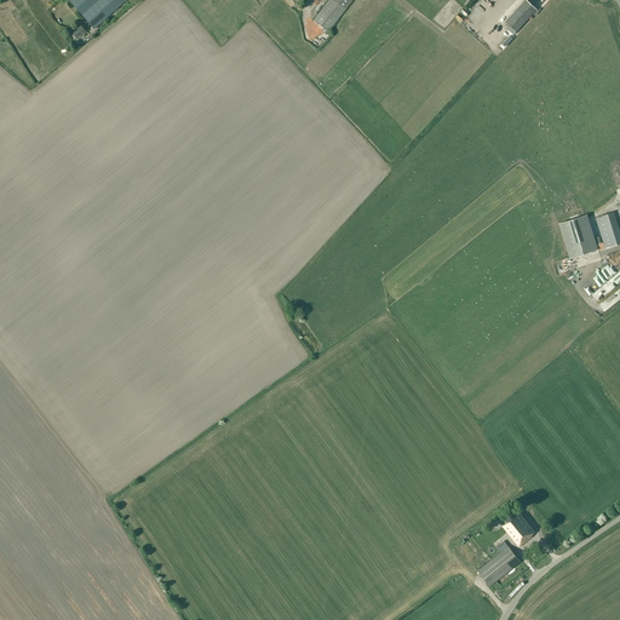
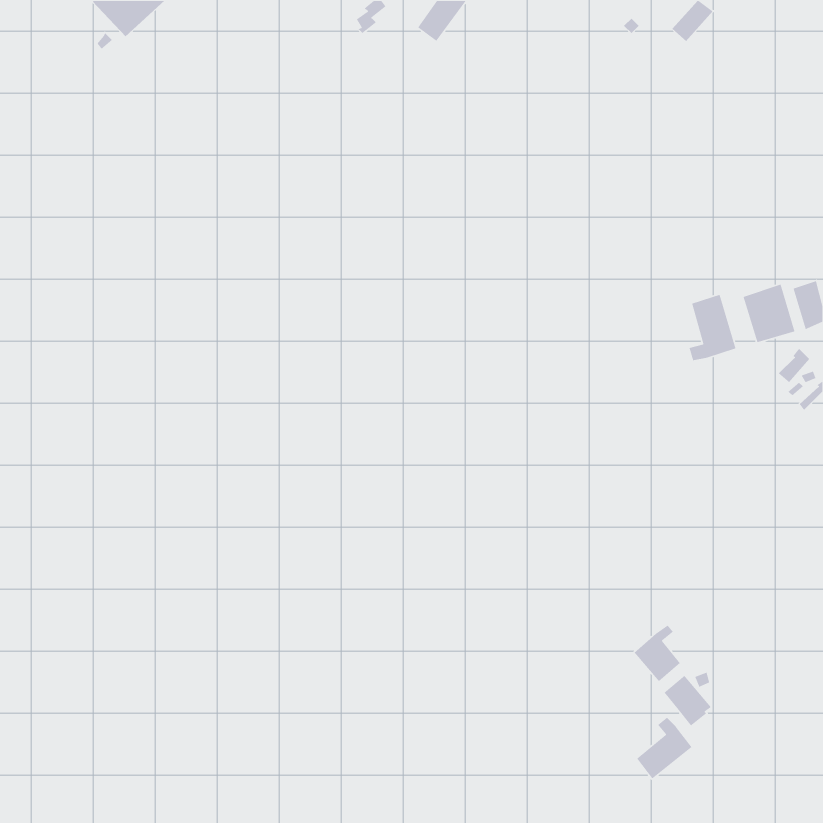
building: none -> [689,294,737,361]
building: none -> [634,624,681,682]

